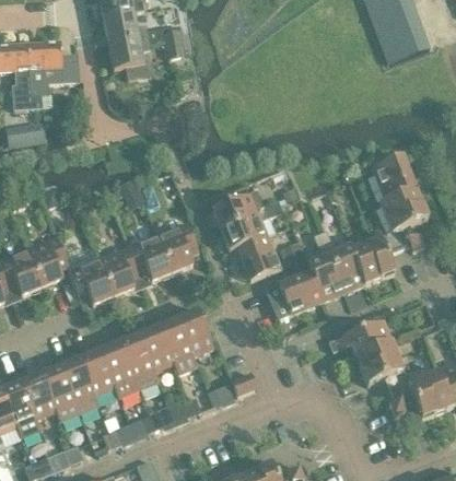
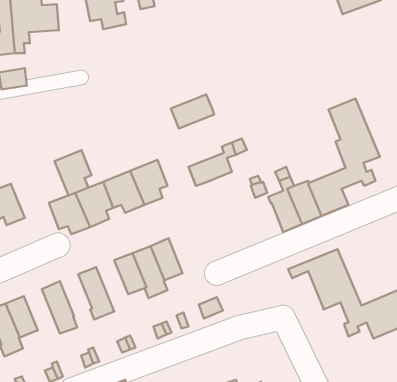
building: [212,193,259,231] -> [171,94,214,129]
building: [238,236,281,280] -> none
building: [27,237,68,286] -> [54,150,92,195]
building: [266,271,324,320] -> none
building: [120,332,160,388] -> none
building: [81,348,116,394] -> none
building: [42,364,81,420] -> none

